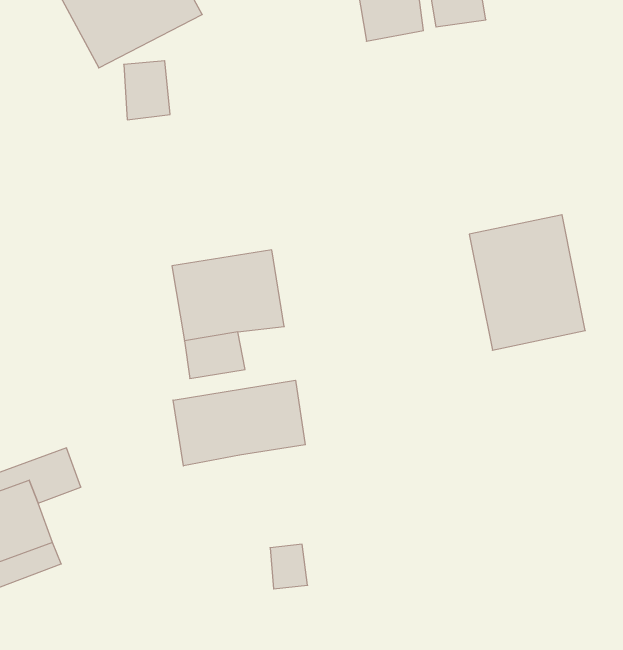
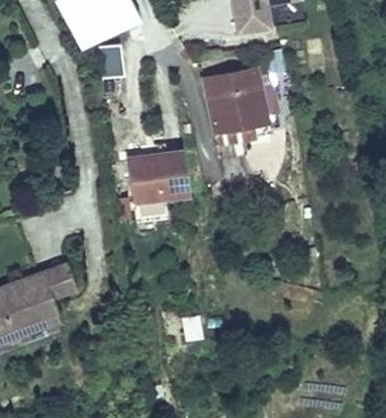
building: [469,215,585,350] -> [204,66,270,143]
building: [173,380,305,466] -> none

